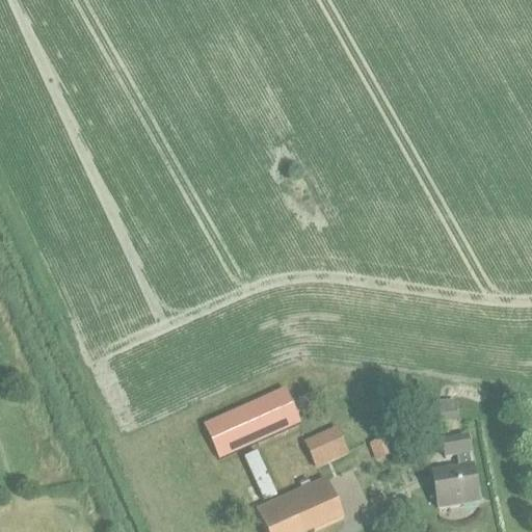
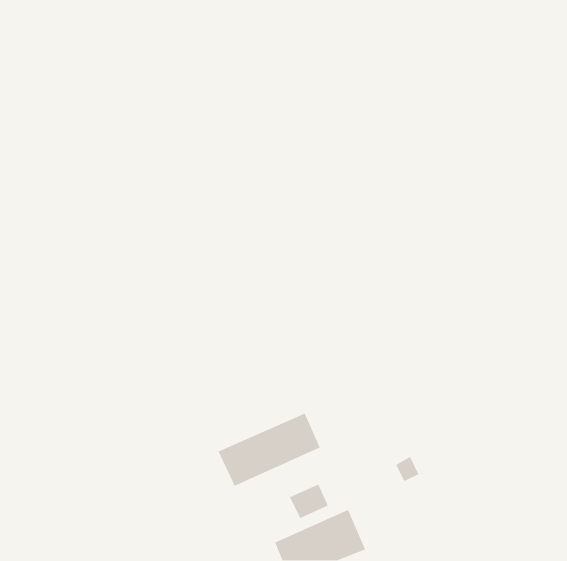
building: [311,429,348,462] -> [289,484,329,519]
building: [432,433,480,508] -> none

